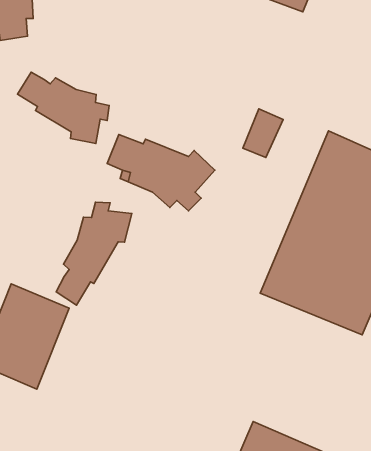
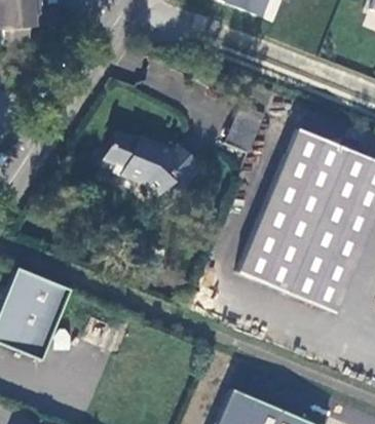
building: [17,72,109,144] -> none
building: [56,202,132,305] -> none

